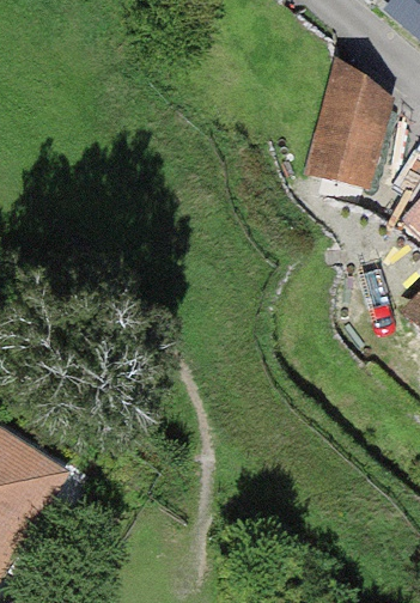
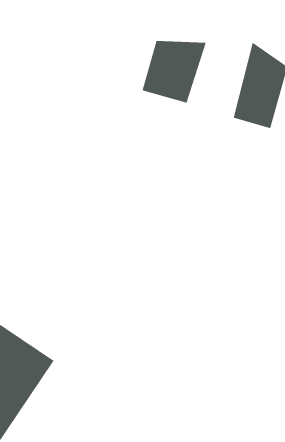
building: none -> [142,40,206,103]

